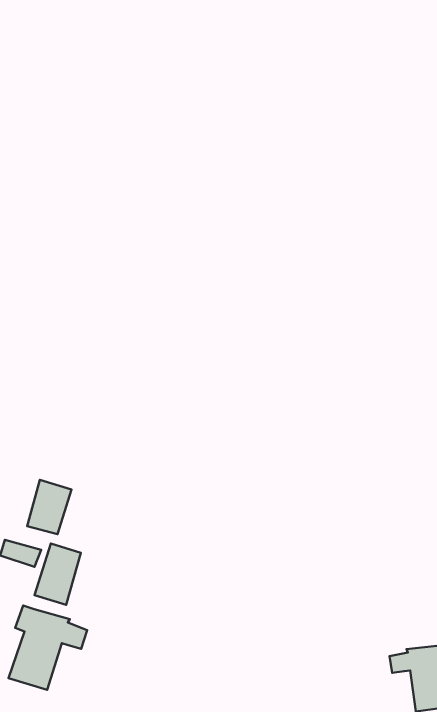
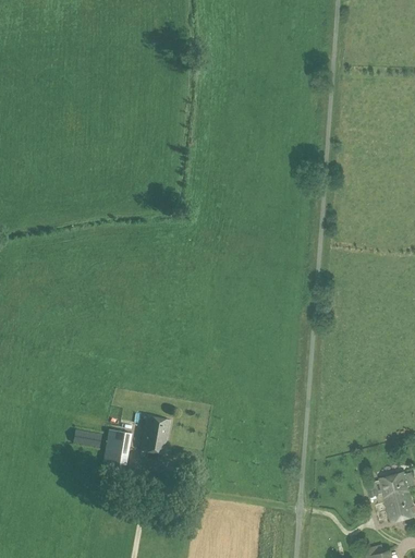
building: [27,480,72,534] -> [141,416,170,454]
building: [9,605,87,690] -> none

